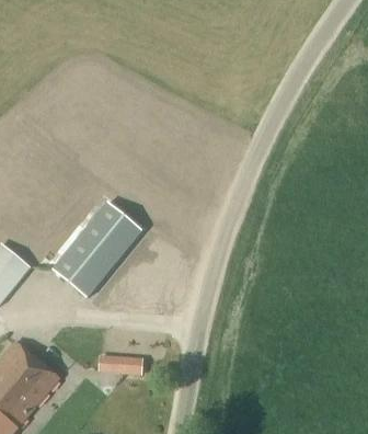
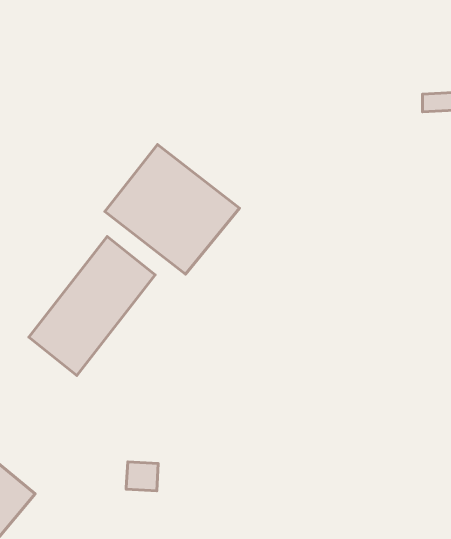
building: none -> [105,145,240,274]

